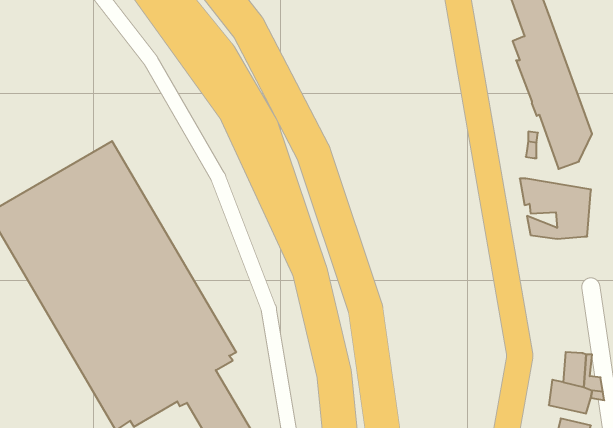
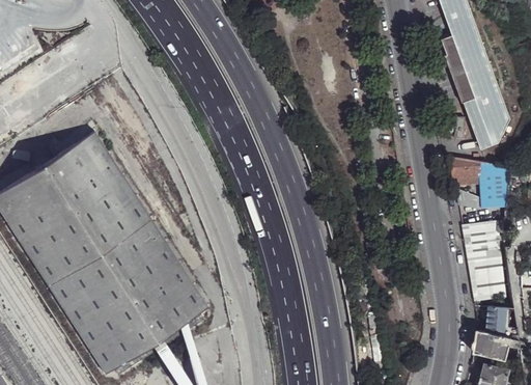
building: none -> [459,223,512,302]

